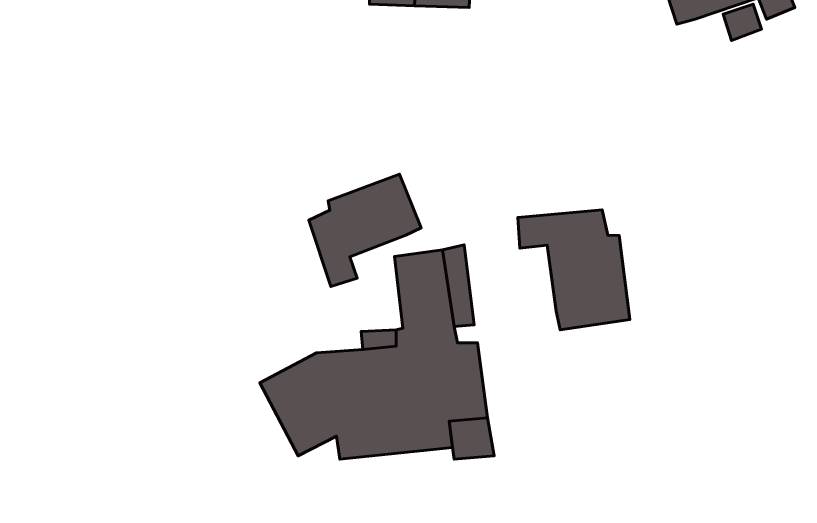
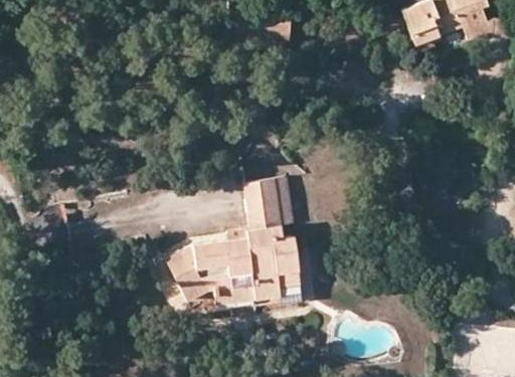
building: [309,174,421,286] -> none
building: [518,210,630,330] -> none

